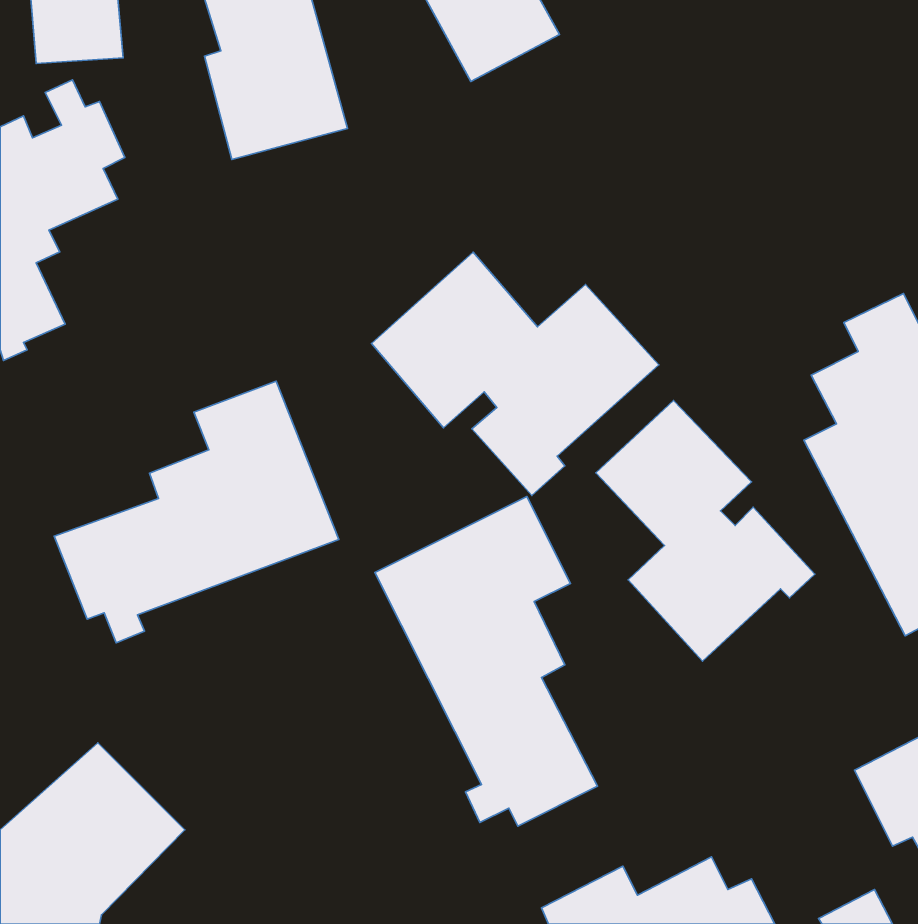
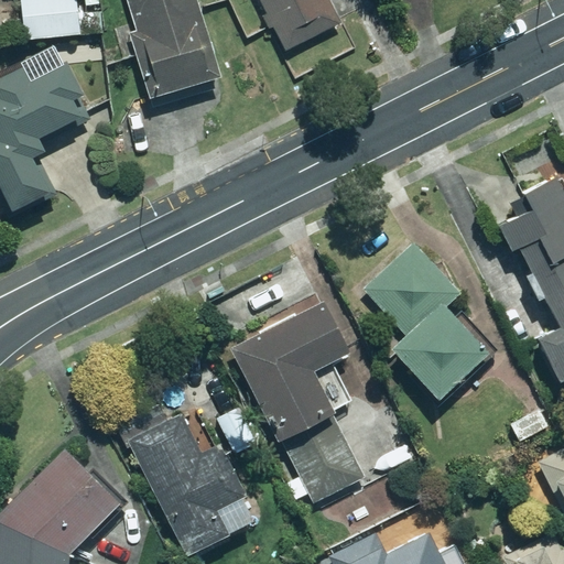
building: [371,252,659,496] -> none
building: [54,381,339,643] -> none
building: none -> [129,412,251,553]

